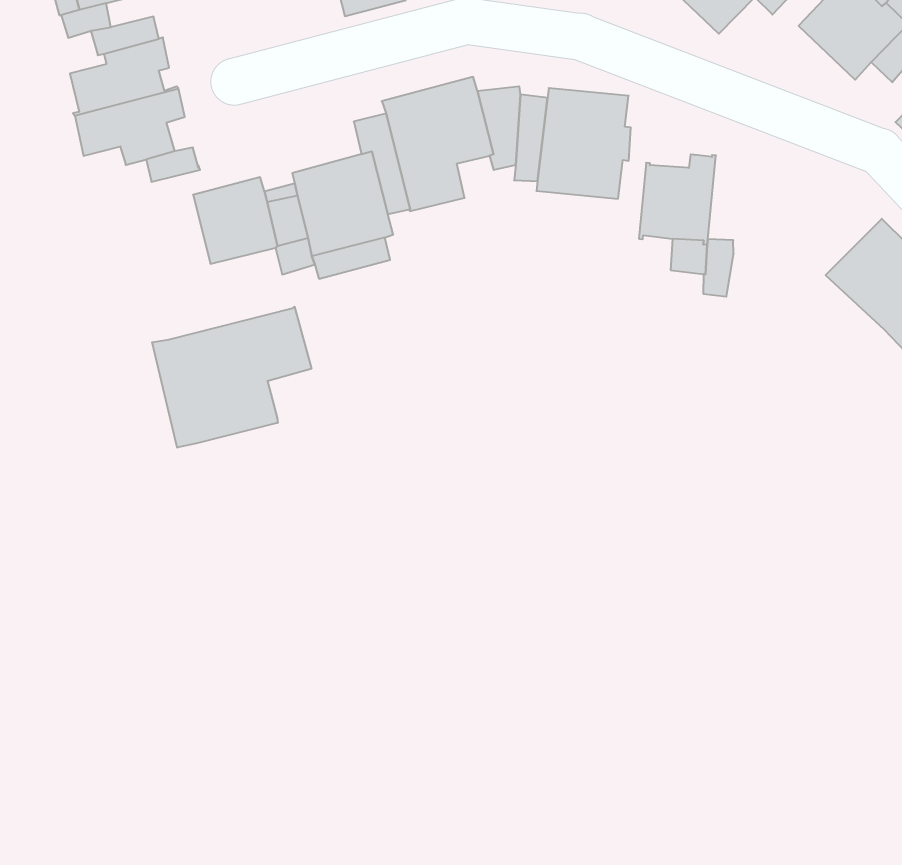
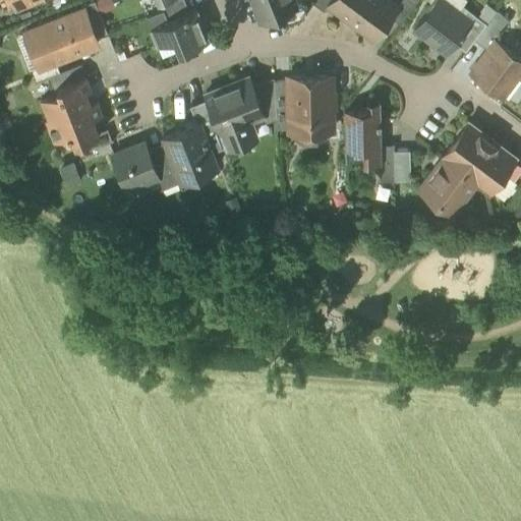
building: none -> [394,154,411,184]
building: none -> [420,159,477,213]
building: [152,307,311,448] -> none

